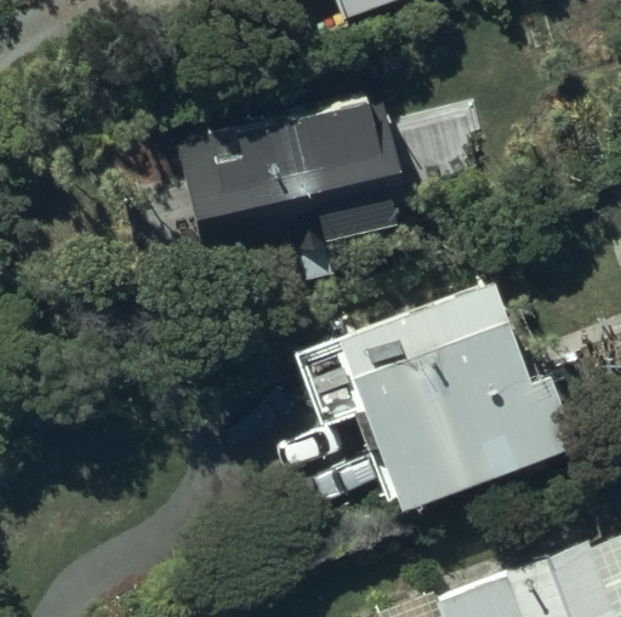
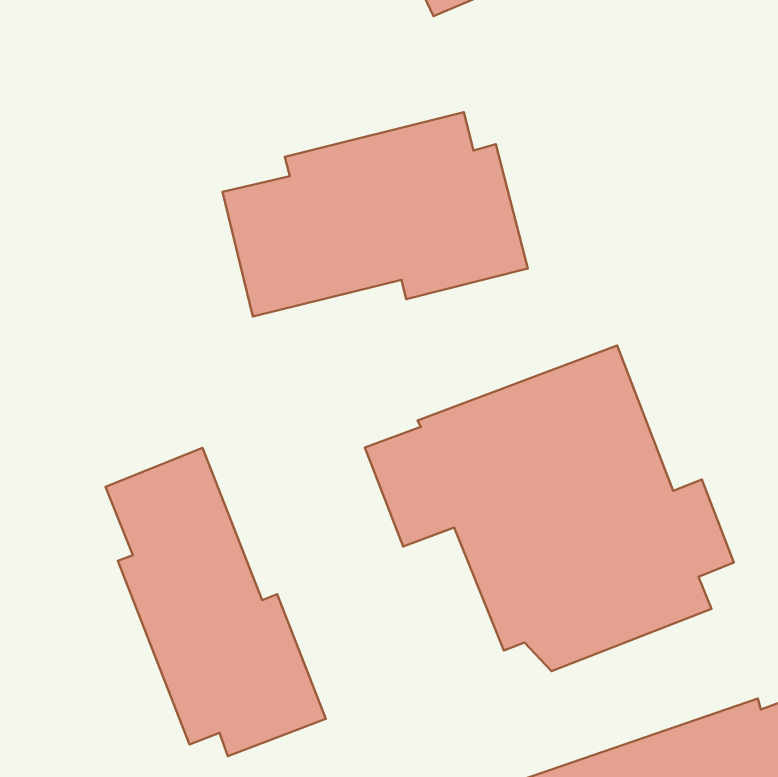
building: none -> [106,448,326,756]

